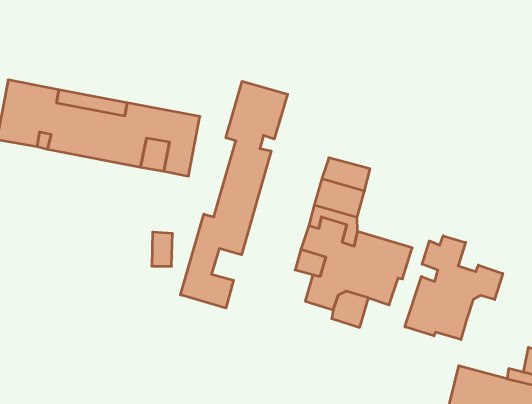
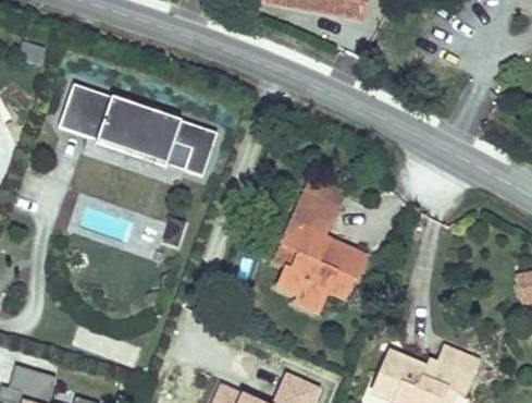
building: [180,81,288,308] -> none
building: [405,236,503,340] -> none

